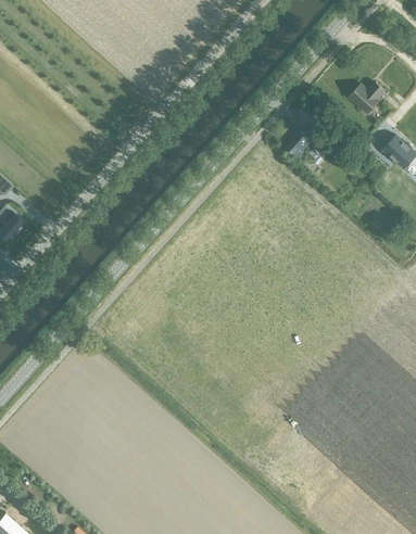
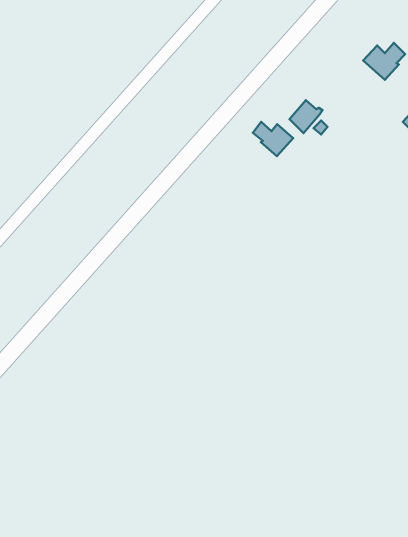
building: none -> [253,122,293,156]

